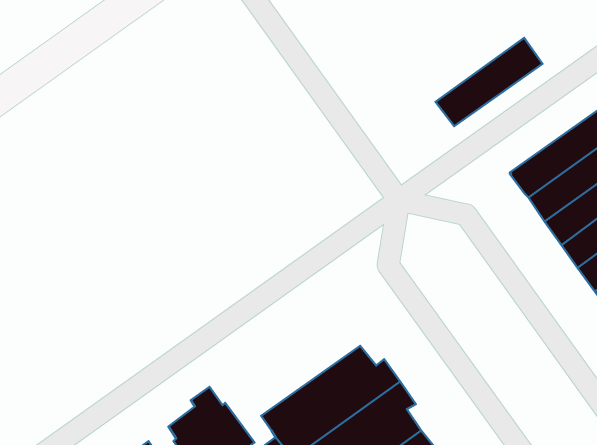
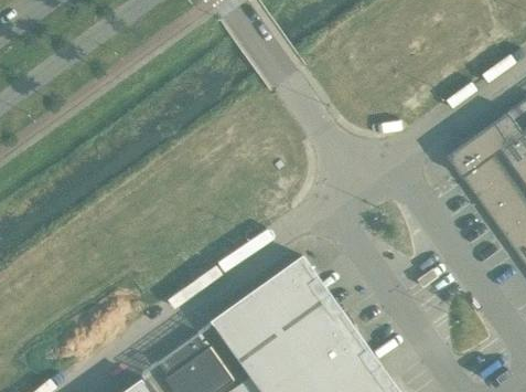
building: [436,38,542,126] -> none
building: none -> [214,257,322,357]

